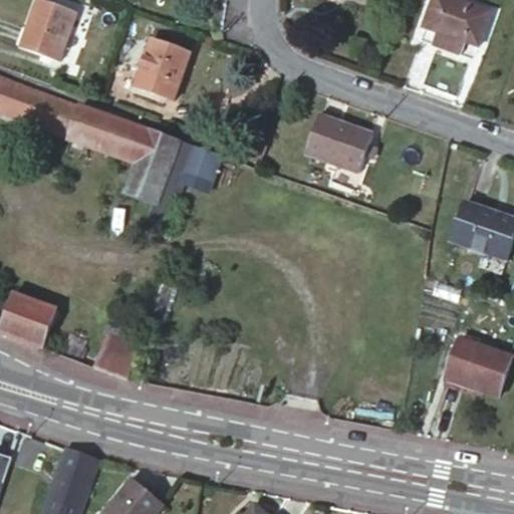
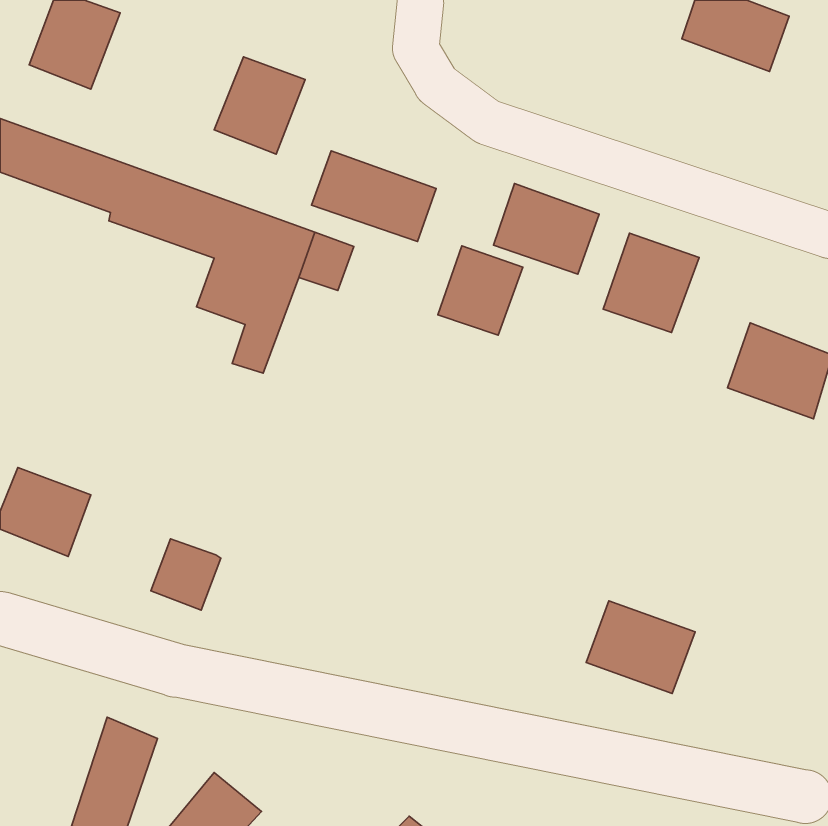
building: none -> [311,151,436,242]
building: none -> [603,233,699,332]
building: none -> [438,246,523,335]
building: [438,336,505,394] -> [586,601,695,693]

